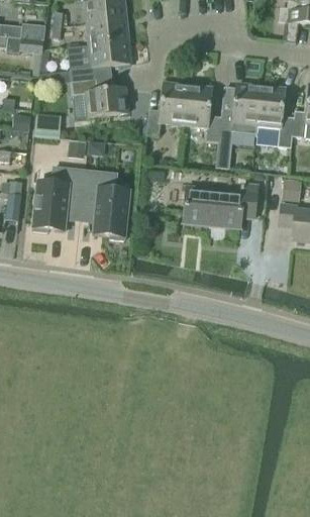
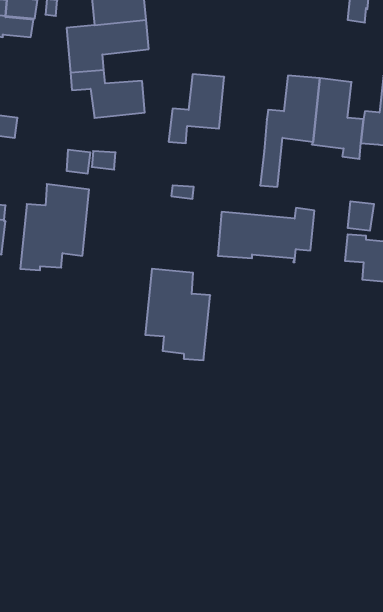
building: [184,85,220,141] -> none
building: [34,113,61,138] -> none
building: [80,171,129,240] -> [145,269,210,360]

